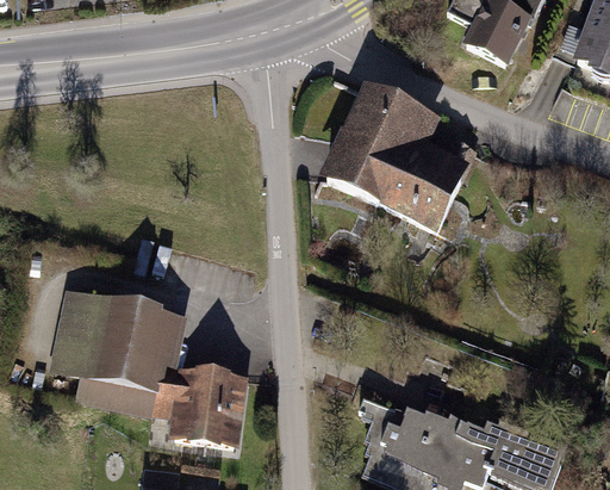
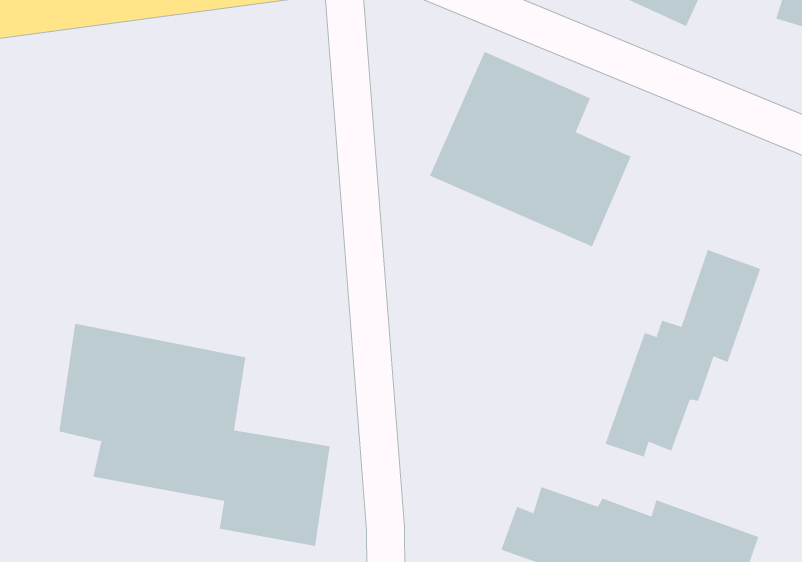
building: none -> [605,249,761,458]

